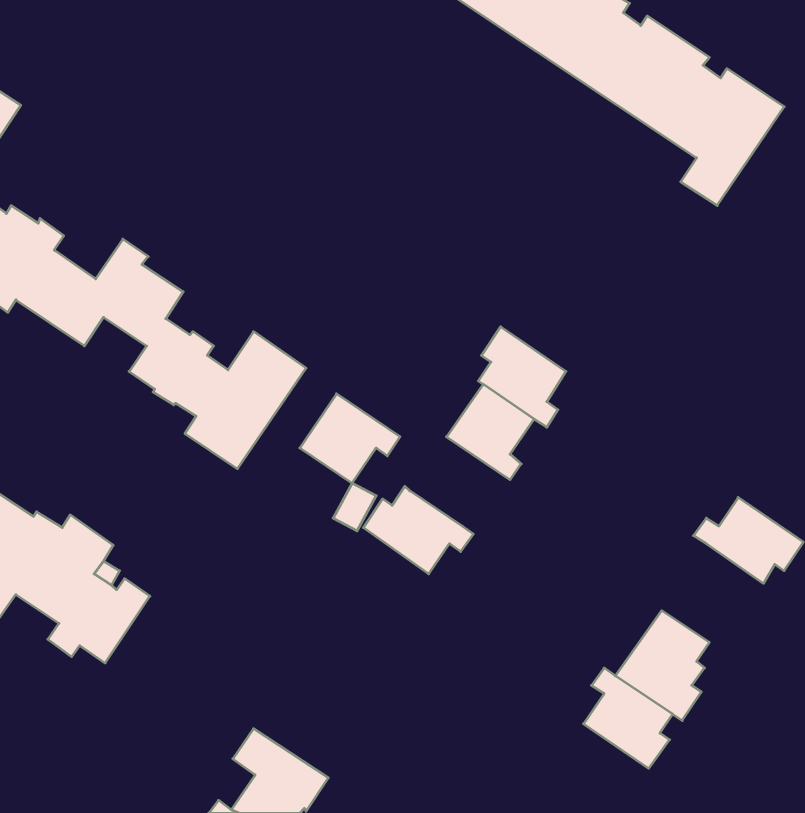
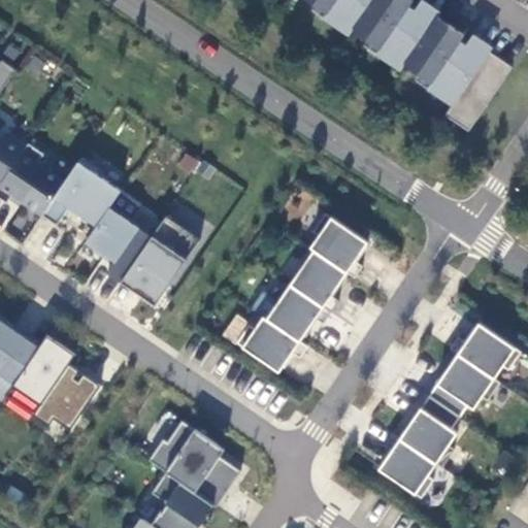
building: [300,394,400,483] -> [265,283,330,340]
building: none -> [428,352,499,416]
building: none -> [147,420,239,505]

